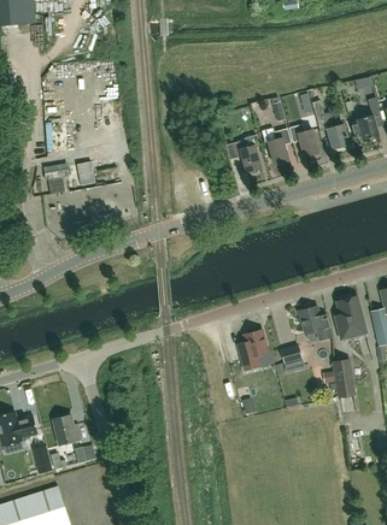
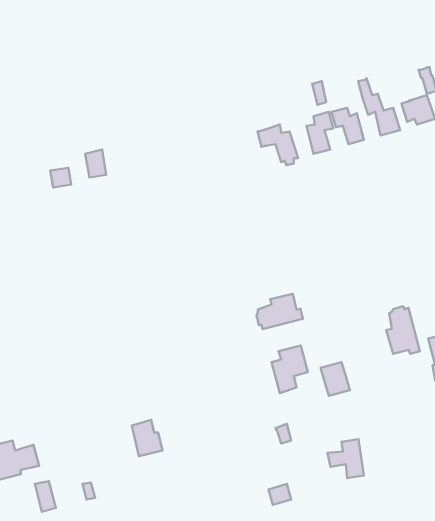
building: none -> [256,294,303,329]
building: [300,308,333,341] -> none
building: [322,360,353,394] -> [328,439,364,478]
building: [53,414,80,446] -> [132,420,162,456]

